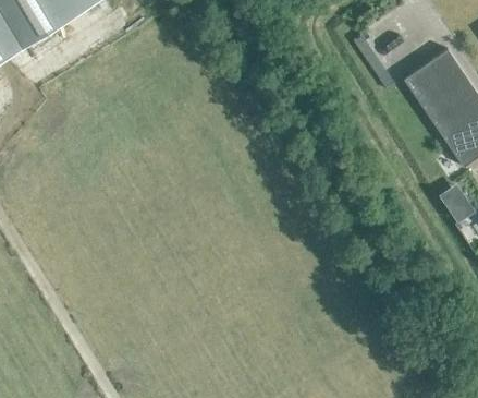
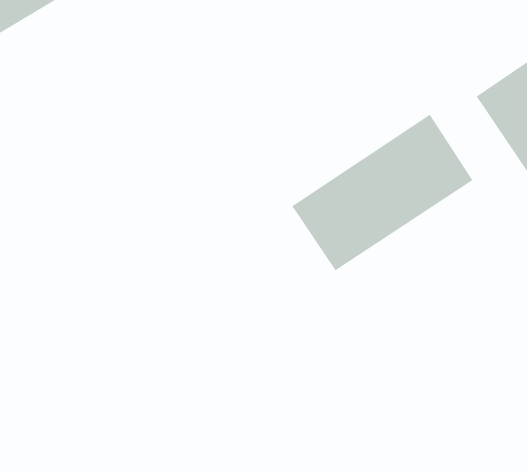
building: none -> [291,114,473,271]

